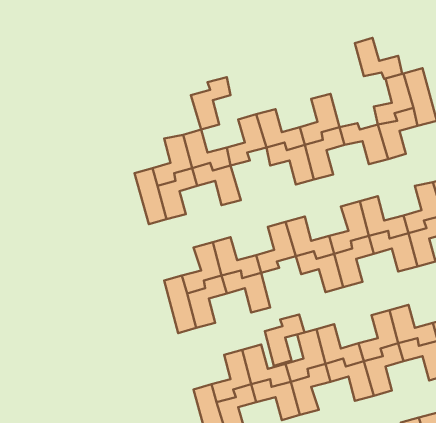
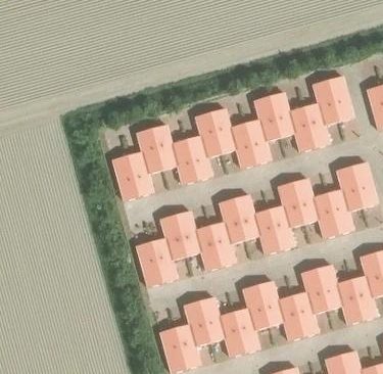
building: [355,38,402,79] -> [269,92,306,125]
building: [191,77,231,130] -> [189,139,221,181]
building: [265,315,304,366] -> [213,226,245,267]

